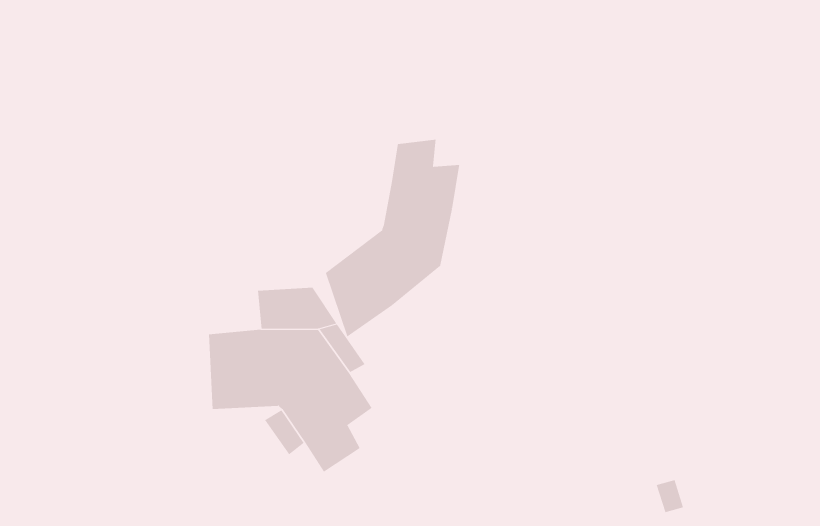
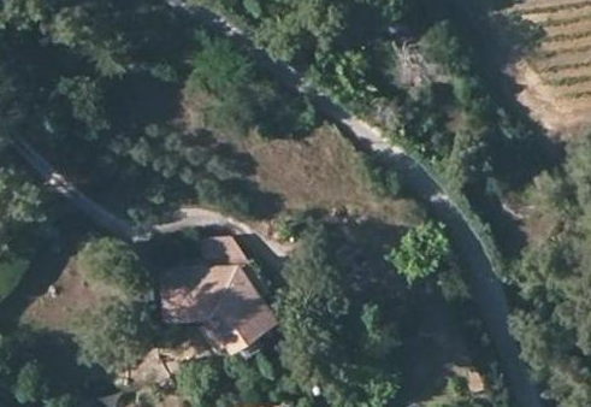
building: [325,139,460,337] -> none

